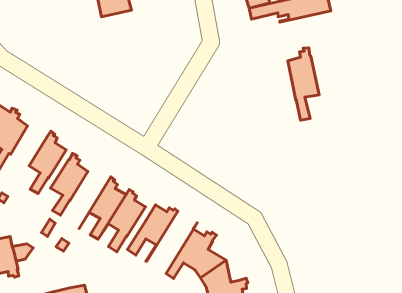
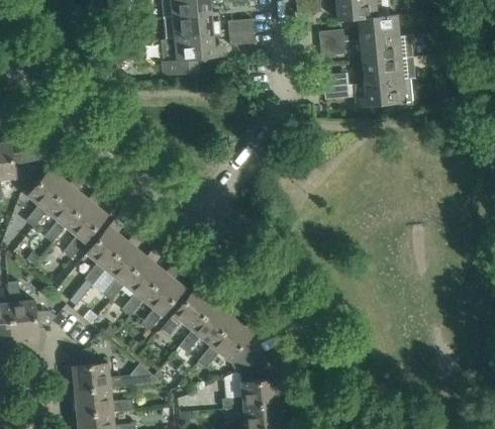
building: [288,48,319,120] -> none
building: none -> [44,177,88,241]
building: none -> [102,234,152,301]
building: none -> [179,296,238,361]

